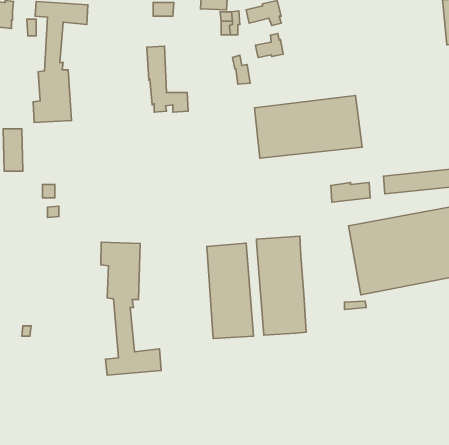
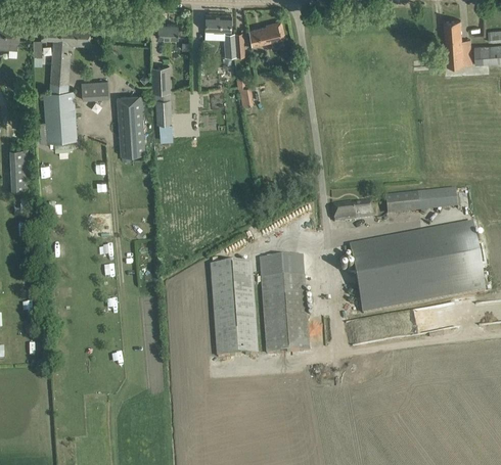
building: [255,34,283,57] -> none
building: none -> [82,80,108,99]
building: none -> [117,94,145,155]
building: [255,96,362,158] -> none
building: [101,242,161,375] -> none

